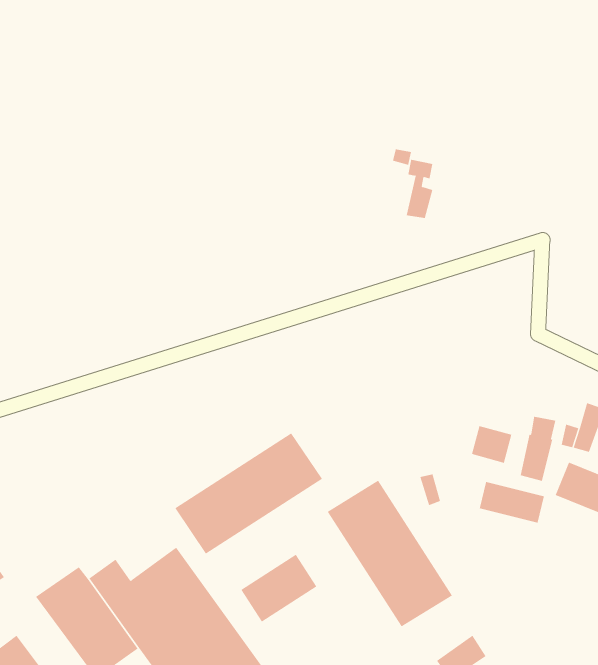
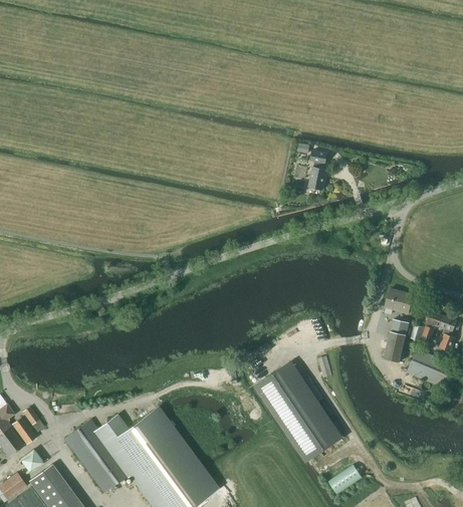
building: [471,425,512,463] -> [386,288,413,313]
building: [174,432,323,555] -> none
building: [479,481,545,524] -> none
building: [241,554,317,623] -> none

